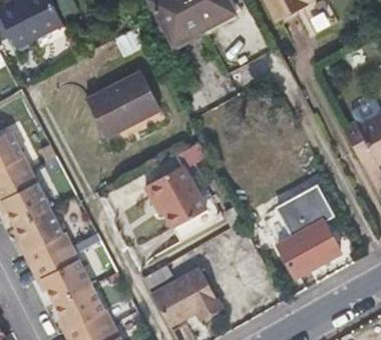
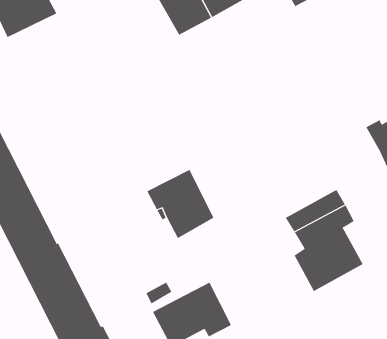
building: [85,70,158,138] -> none

